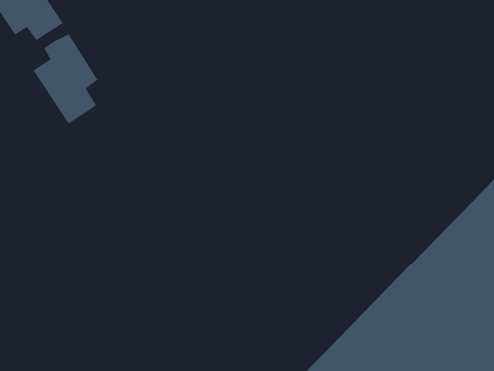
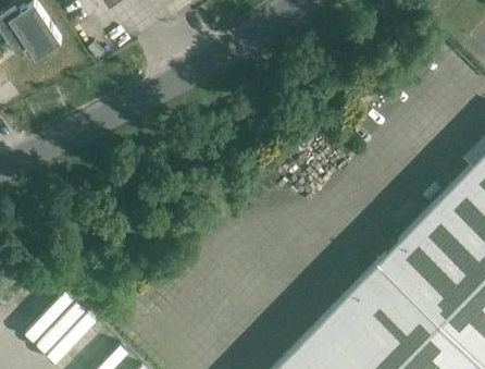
building: [33,34,98,124] -> none

